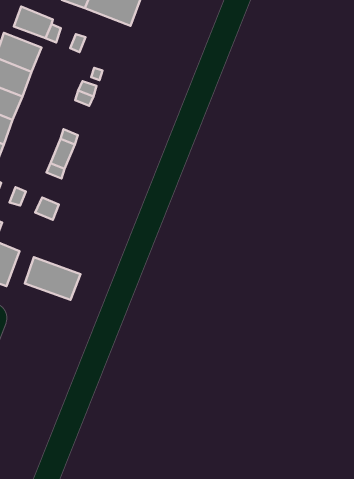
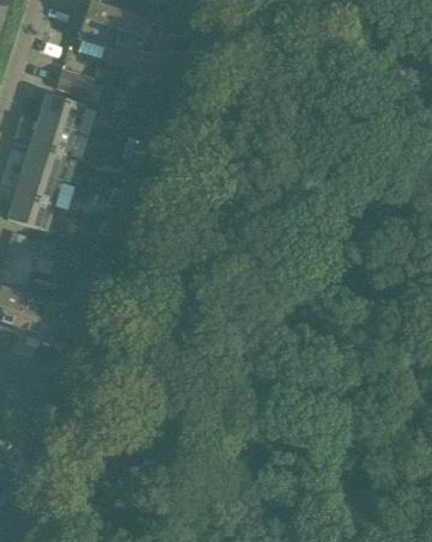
building: [25,257,81,300] -> none

